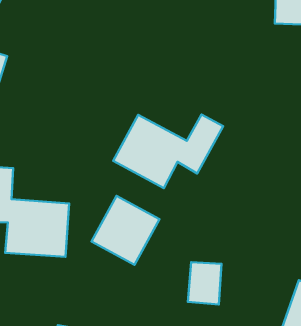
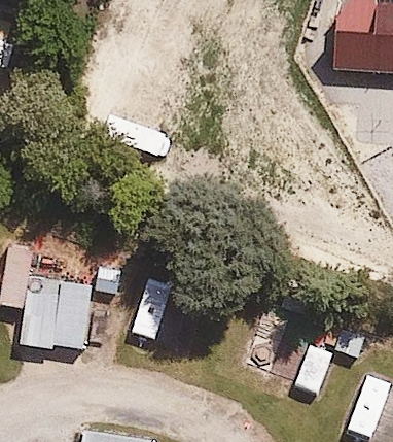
building: [113,114,223,188] -> none

